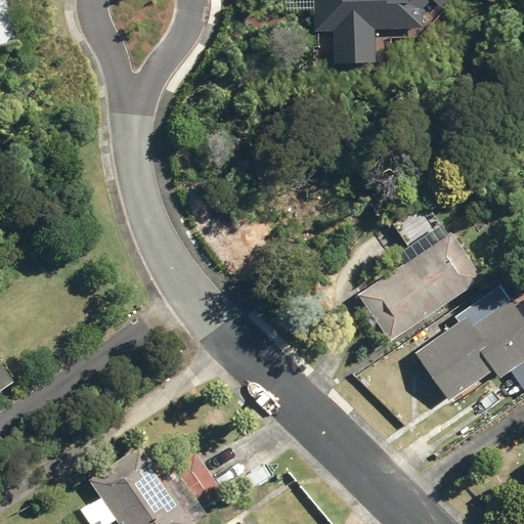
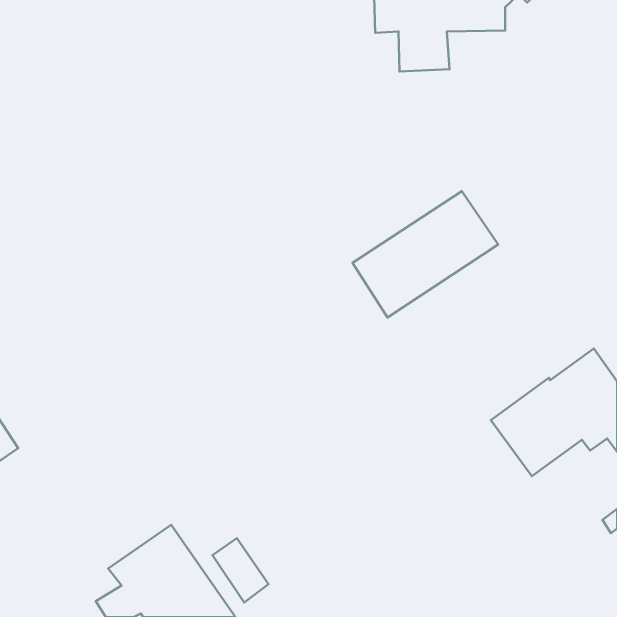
building: [356,235,479,342] -> [352,191,498,317]

